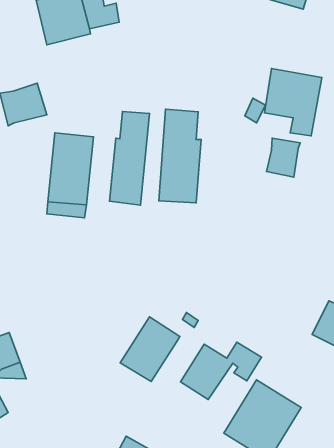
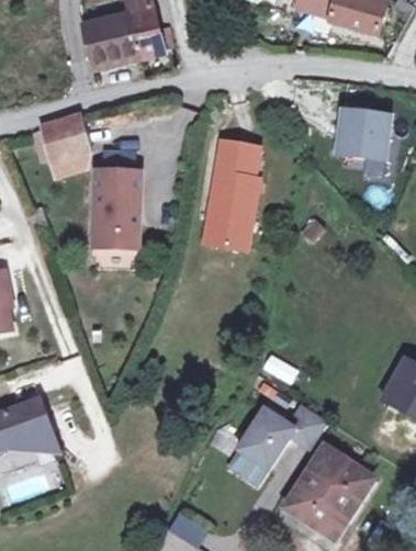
building: [110,111,150,205] -> none
building: [267,138,300,177] -> none
building: [120,317,180,381] -> none

